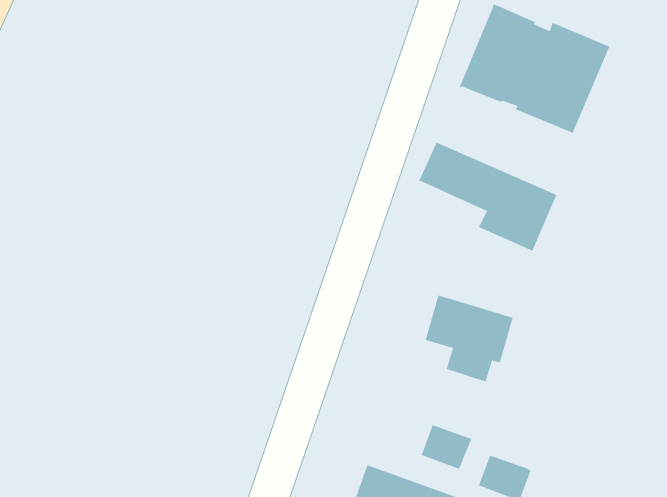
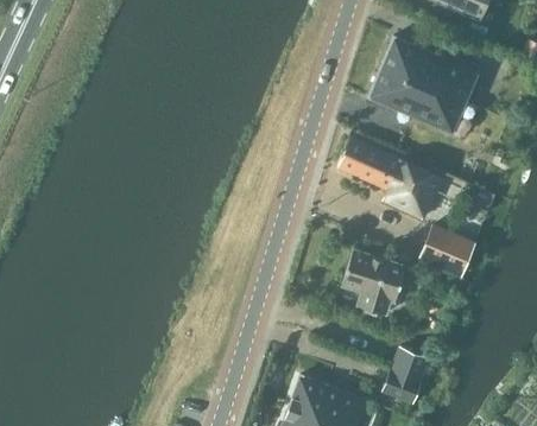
building: none -> [419,227,475,276]
building: [421,424,472,470] -> [392,348,430,381]

